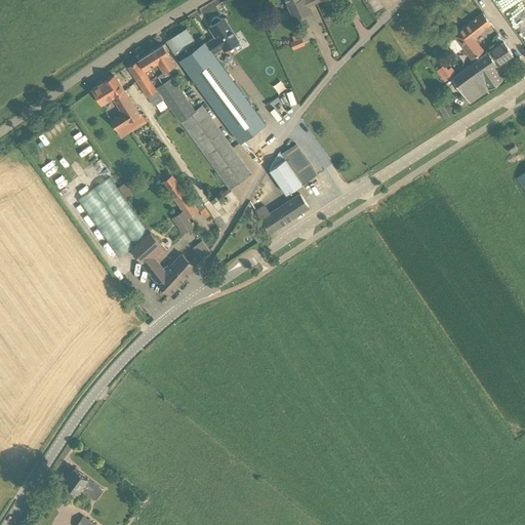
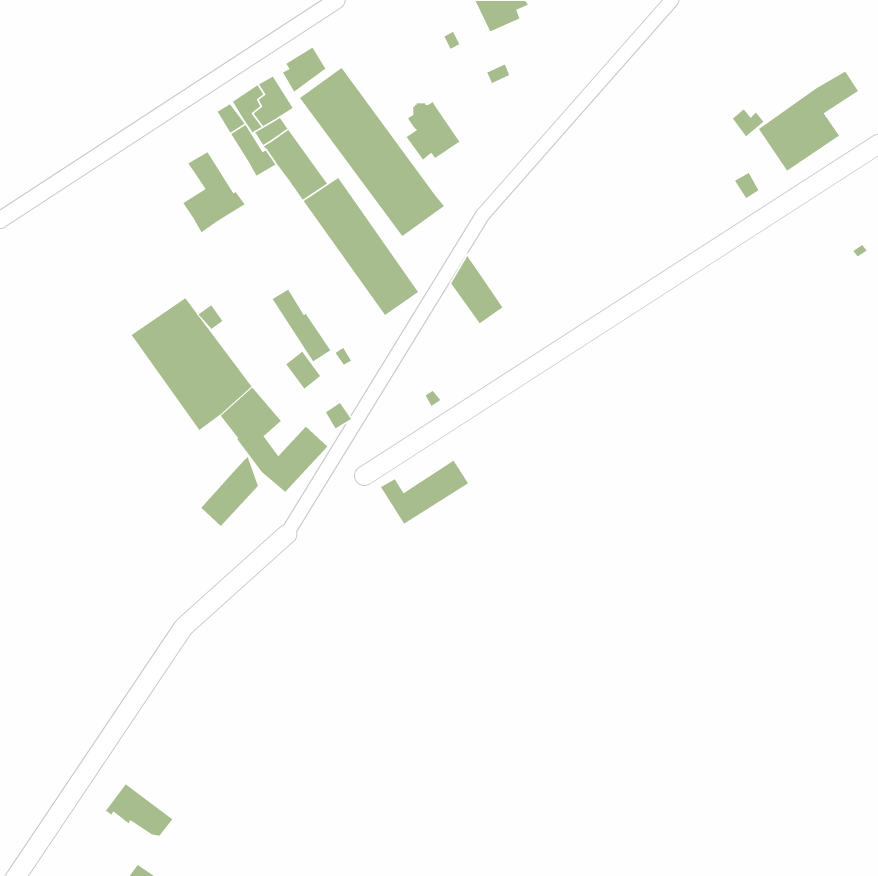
building: [454,13,491,59] -> none
building: [206,18,239,54] -> [406,101,460,161]
building: [89,75,124,107] -> none
building: [280,144,317,185] -> none
building: [255,194,309,233] -> [380,459,469,525]
building: none -> [200,455,259,527]

